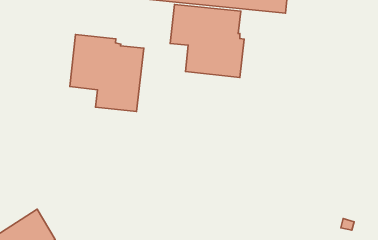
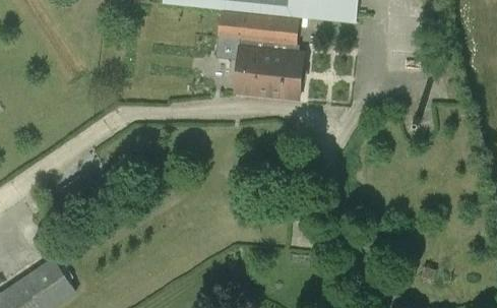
building: [70,35,144,111] -> none

